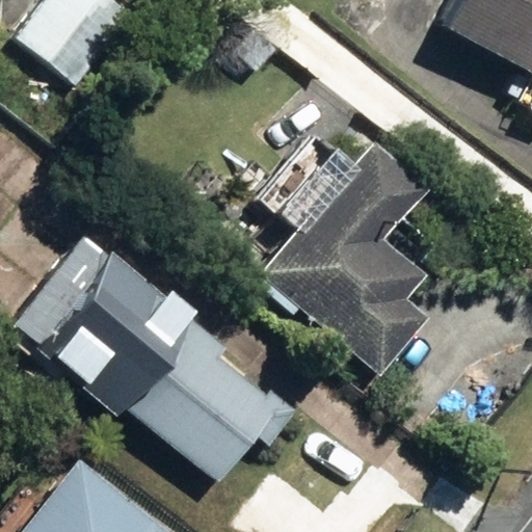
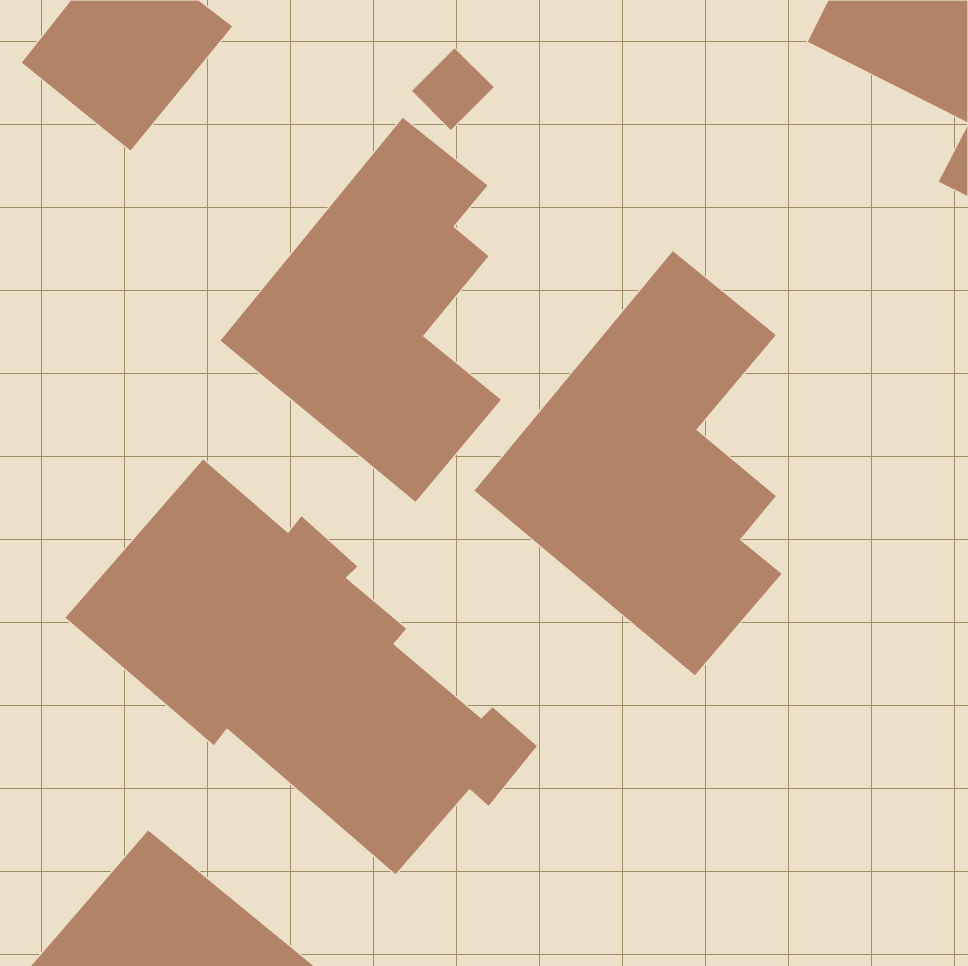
building: none -> [220,117,502,503]

